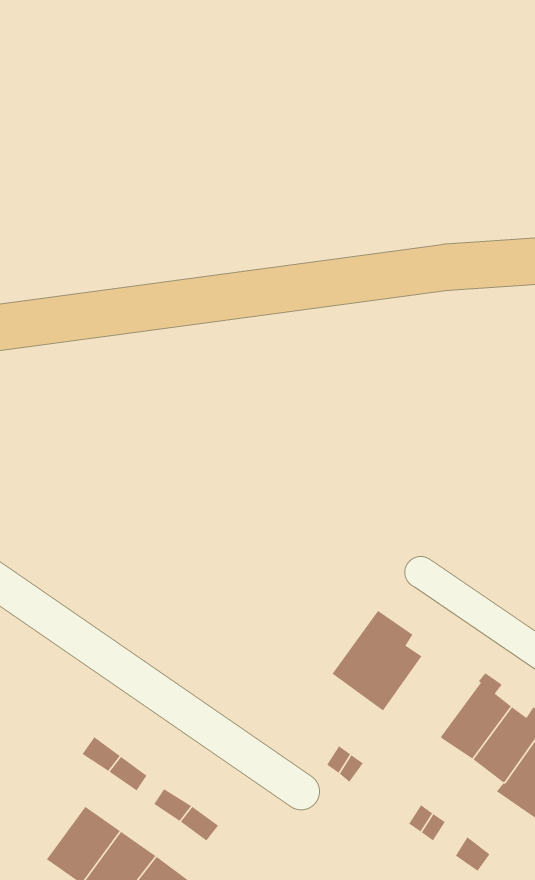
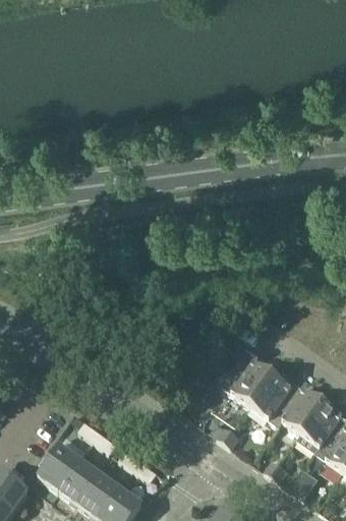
building: none -> [252,375,307,427]
building: none -> [40,446,82,491]

